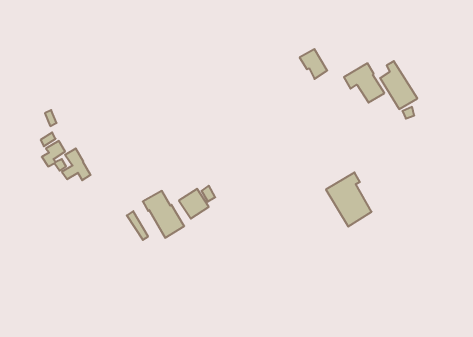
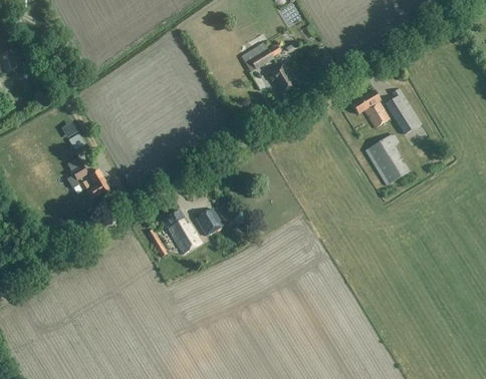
building: none -> [240,41,272,71]
building: [300,49,327,79] -> [267,63,293,91]
building: [326,172,372,227] -> [364,133,408,184]

